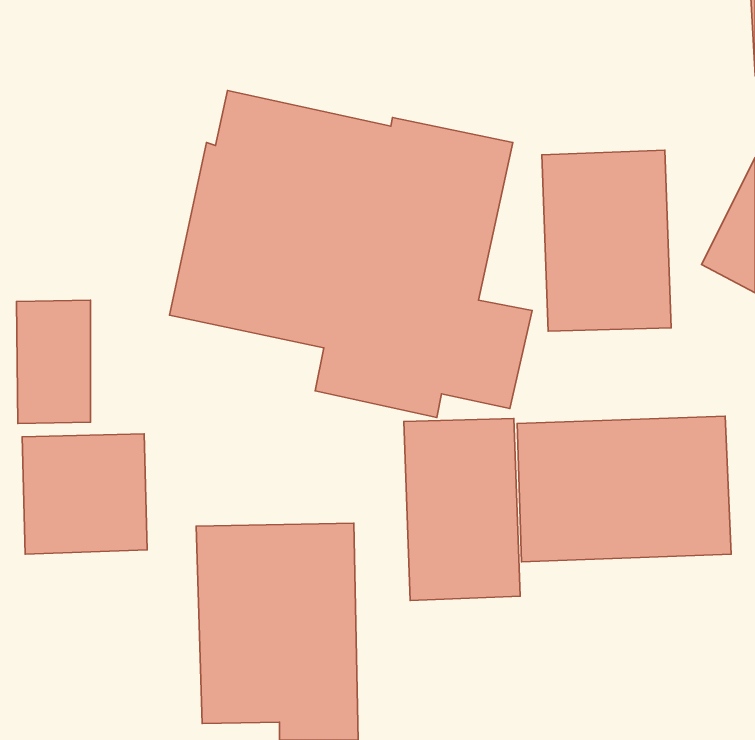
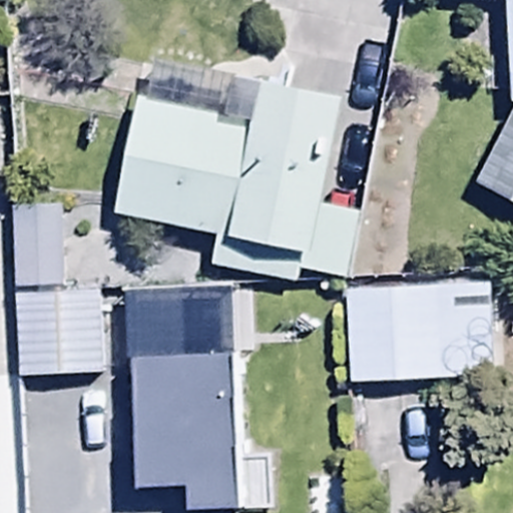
building: [542,150,671,331] -> none
building: [404,418,520,600] -> none

